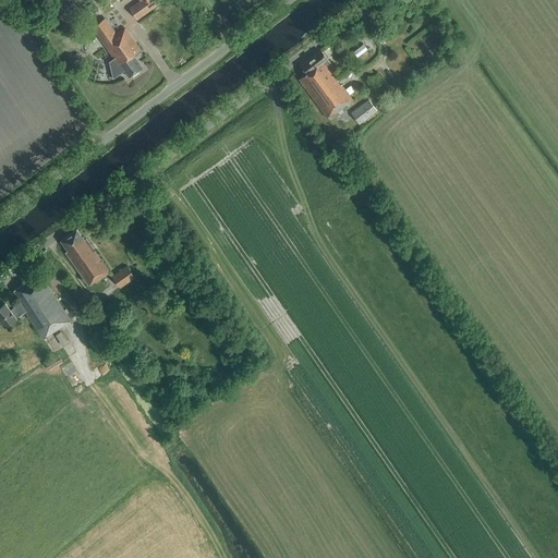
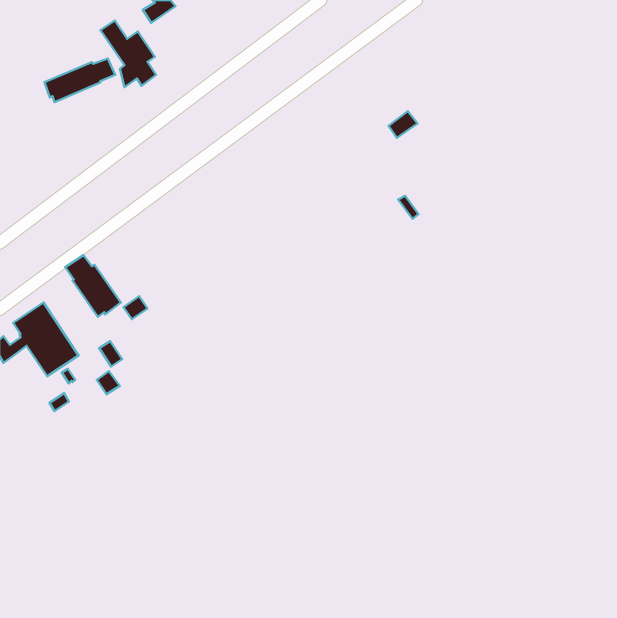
building: [298,51,352,118] -> none
building: none -> [44,58,115,102]

